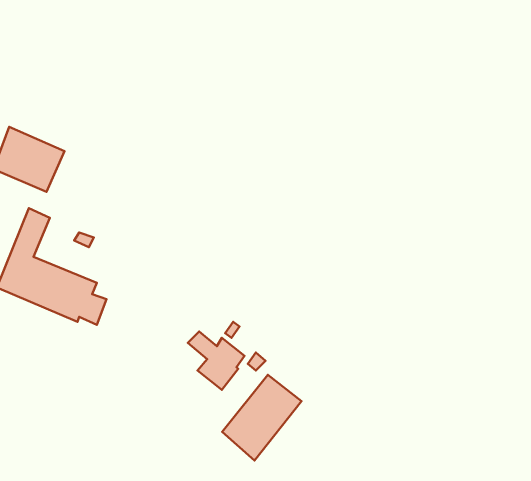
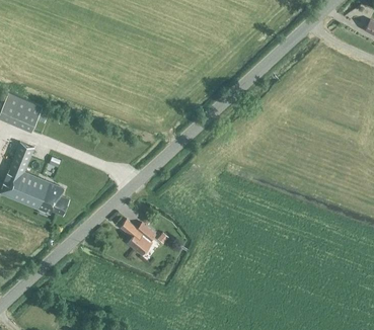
building: [222,375,301,461] -> none

